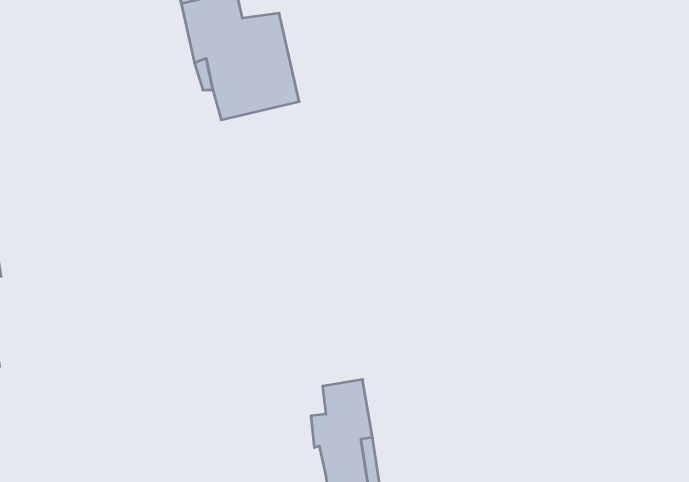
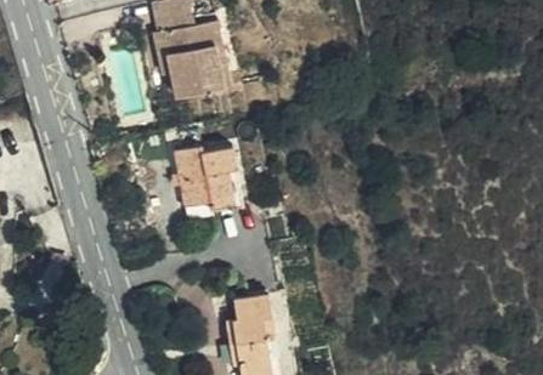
building: none -> [176,148,233,209]

